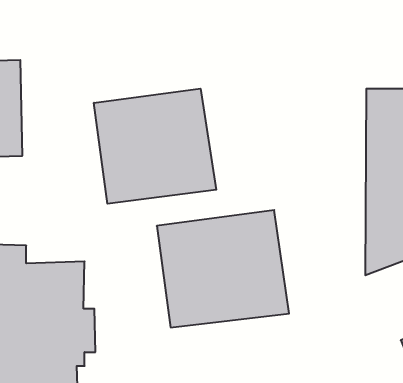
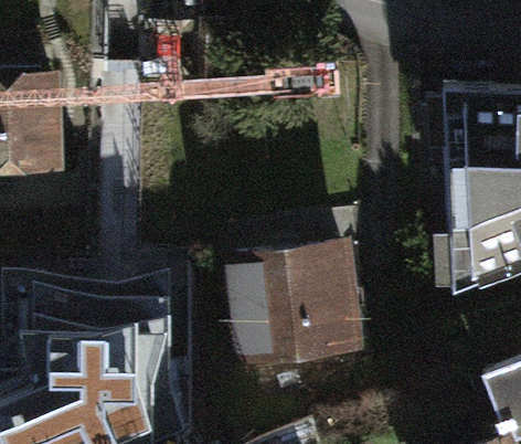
building: [94,89,216,204] -> none

